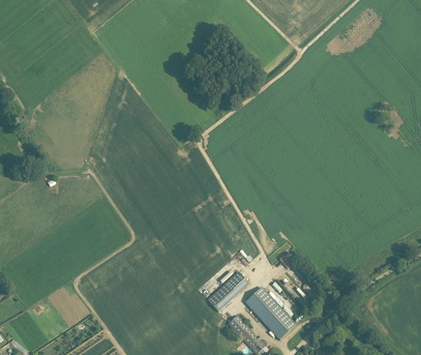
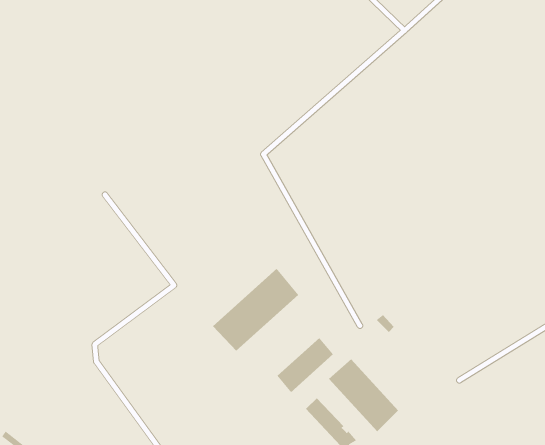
building: none -> [212,268,299,351]

